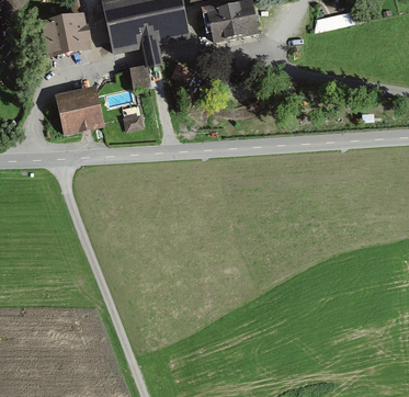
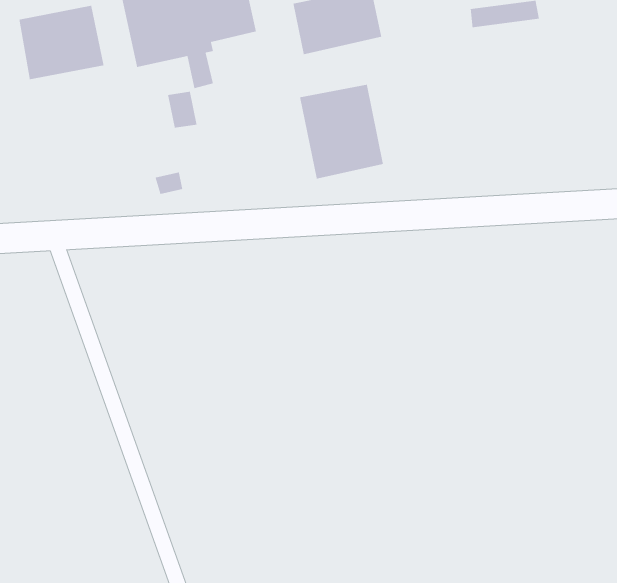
building: none -> [299,84,384,179]
building: [58,92,101,126] -> none

